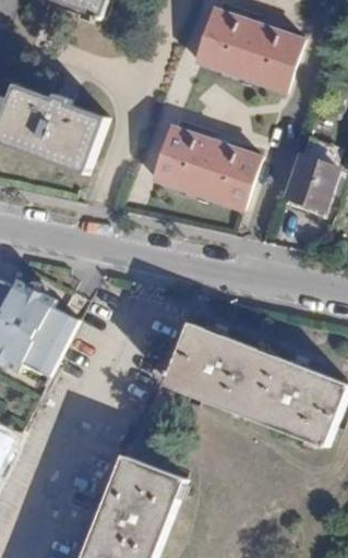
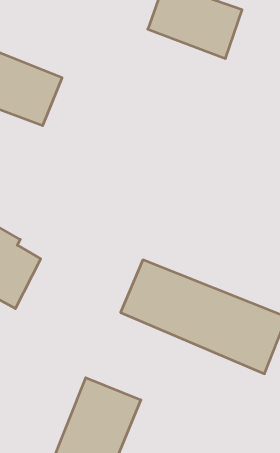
building: [154,129,259,211] -> none
building: [287,156,335,209] -> none

